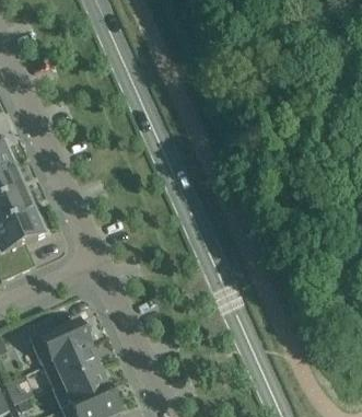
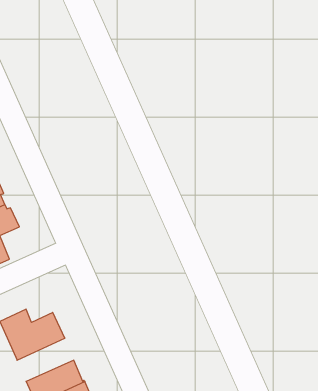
building: [43,341,98,384] -> none

